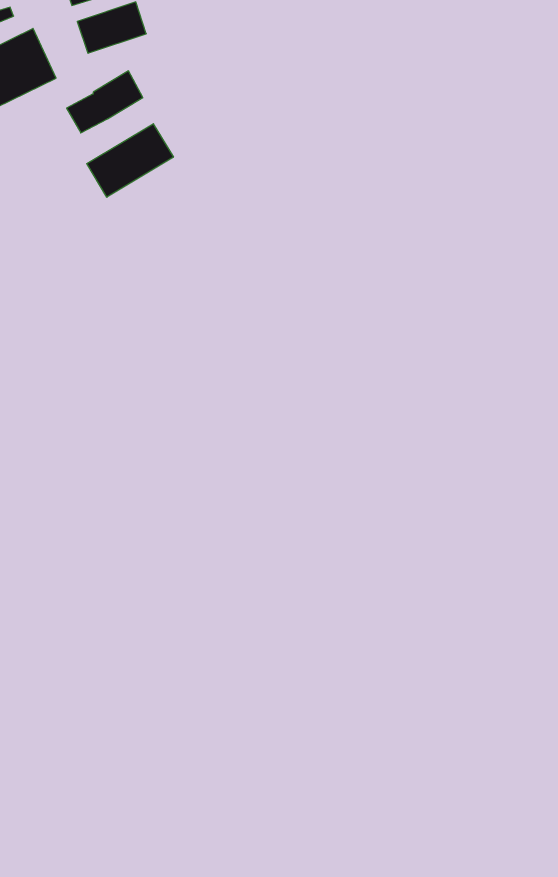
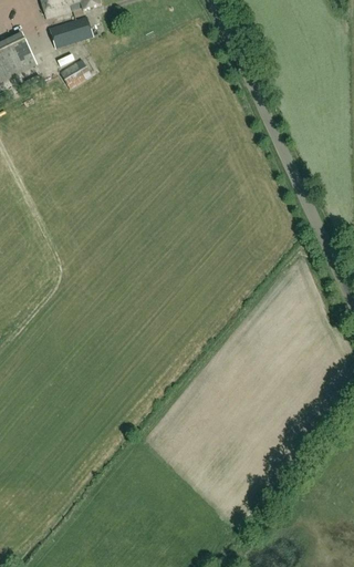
building: [87,124,173,197] -> none

